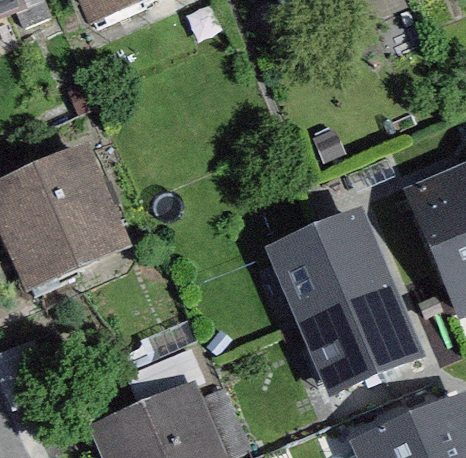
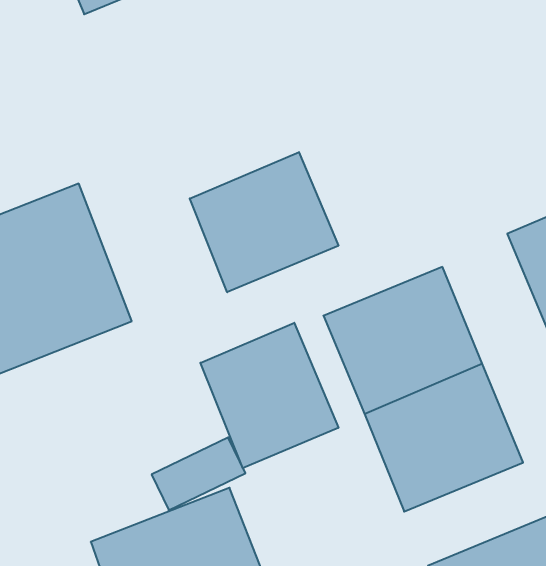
building: none -> [190,152,338,292]
building: none -> [200,323,338,468]

